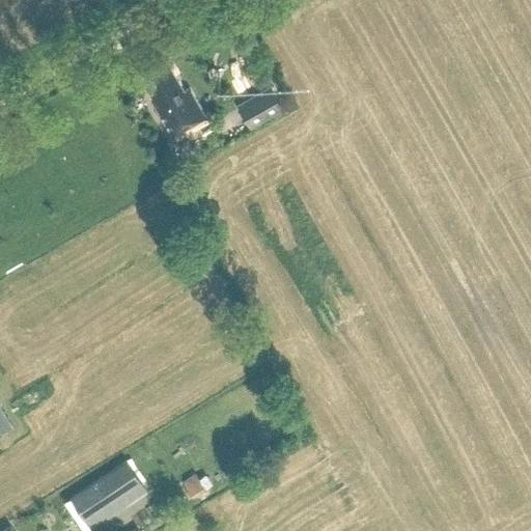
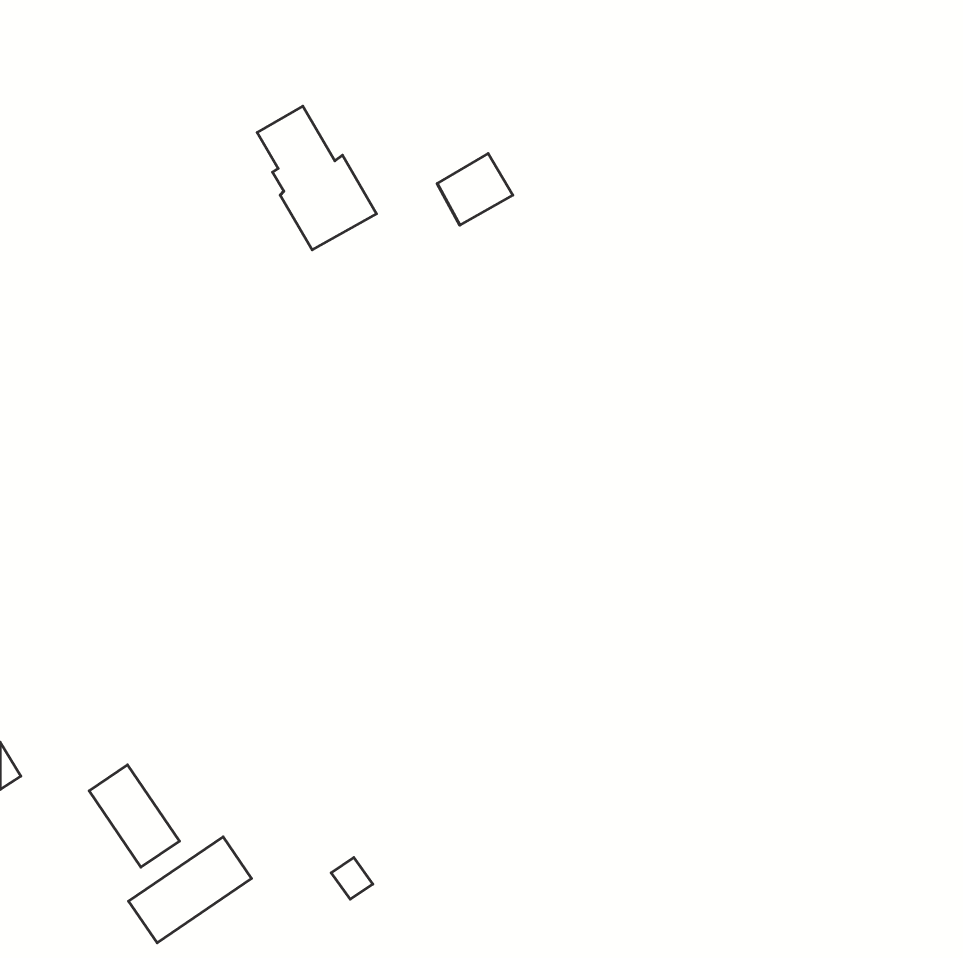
building: none -> [89,765,179,867]

